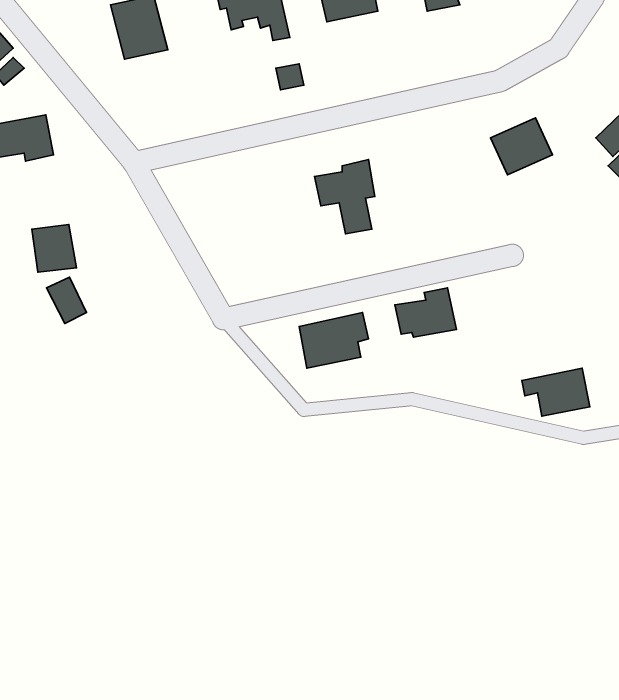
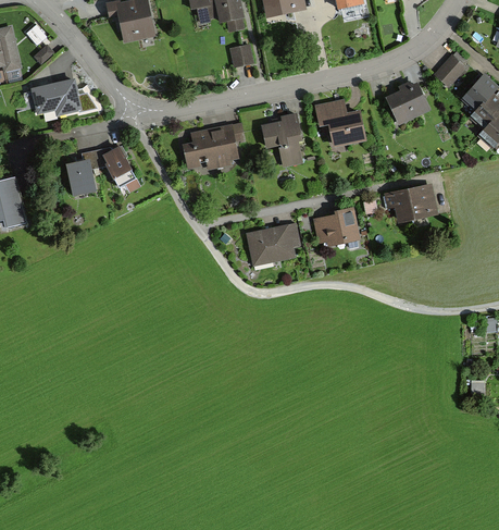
building: none -> [433,57,464,89]
building: none -> [316,101,365,149]
building: none -> [175,124,240,172]
building: [46,277,87,323] -> [98,146,126,178]
building: [522,368,590,416] -> [388,184,436,218]

